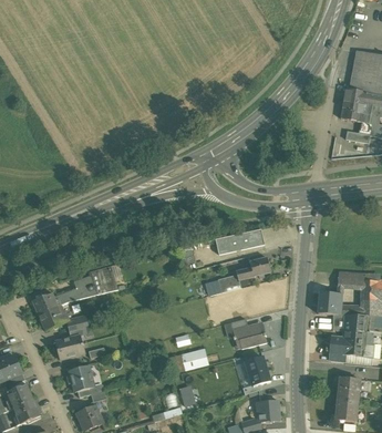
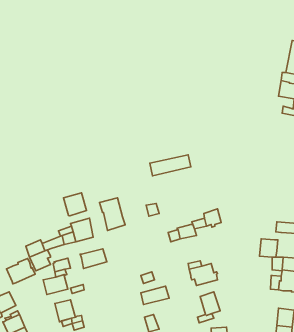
building: [215,228,265,254] -> [150,155,191,176]
building: none -> [64,193,86,216]
building: none -> [99,198,125,231]
building: none -> [80,249,107,268]
building: none -> [6,258,35,284]

